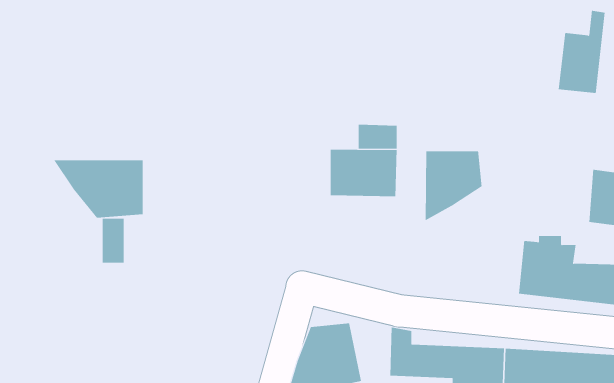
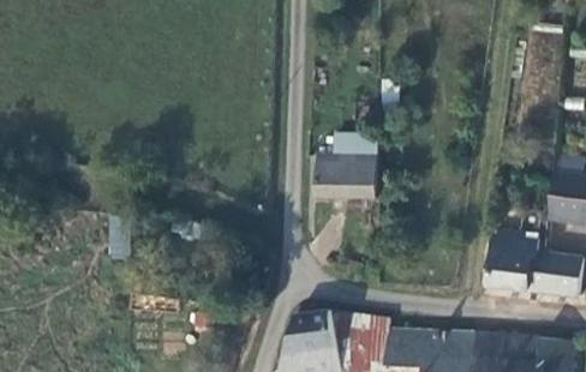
building: [425,150,482,221] -> none
building: [53,160,143,219] -> none

